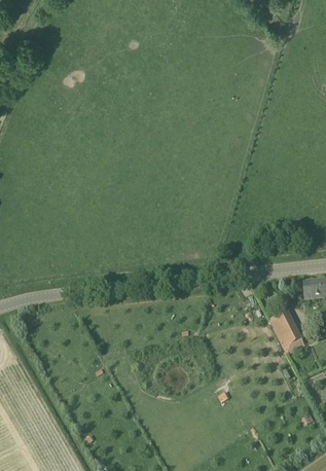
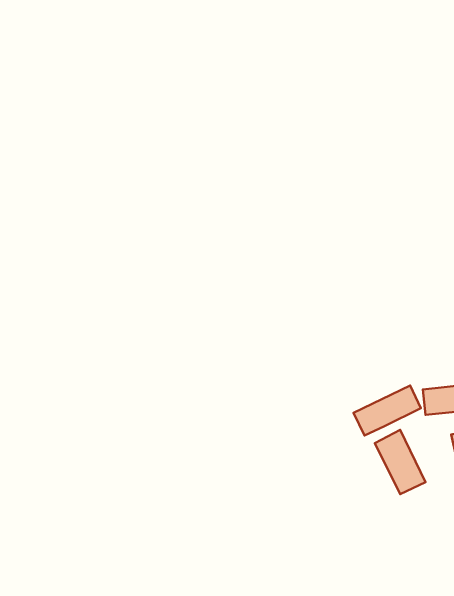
building: none -> [354,385,421,436]

